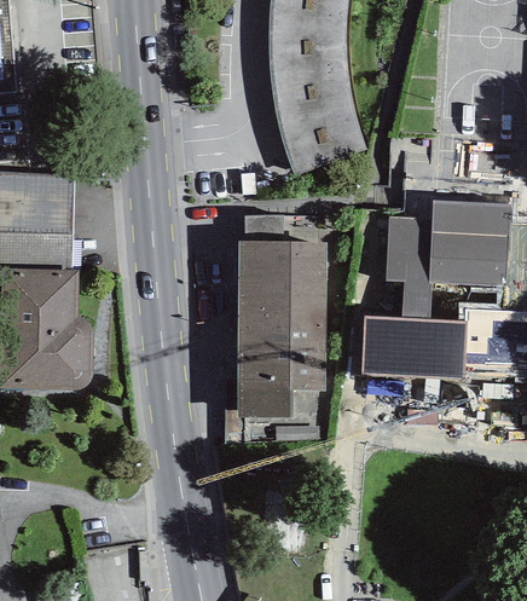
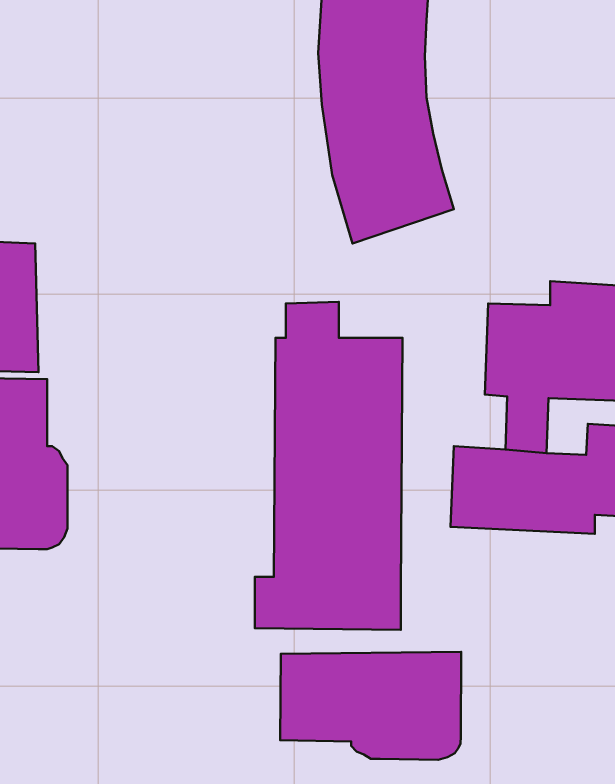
building: none -> [280,652,461,760]

